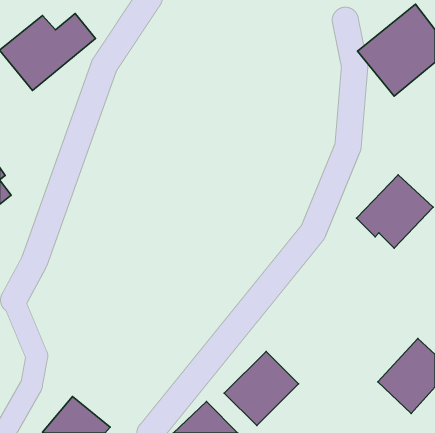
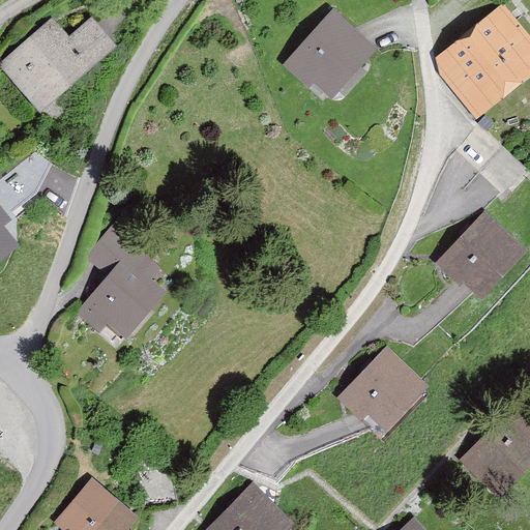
building: none -> [285,12,374,104]
building: none -> [76,225,164,341]
building: [224,352,298,426] -> [336,347,426,437]

